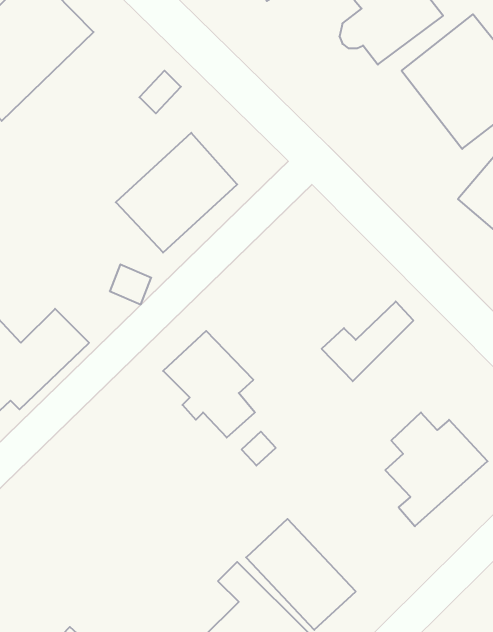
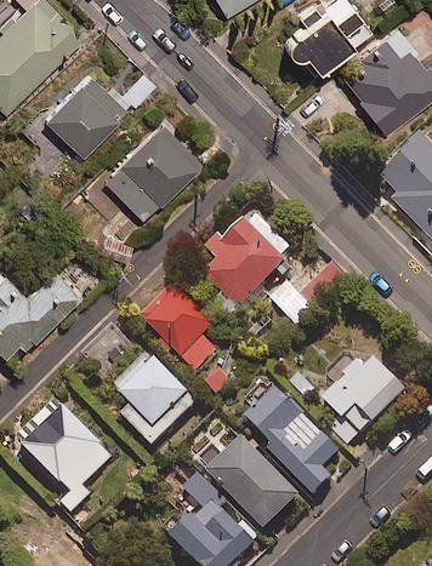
building: none -> [42,73,127,159]
building: none -> [205,219,286,309]
building: none -> [115,354,197,446]
building: none -> [248,389,340,496]
building: none -> [19,404,112,514]

